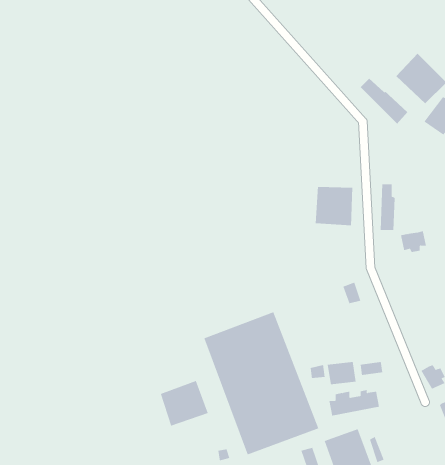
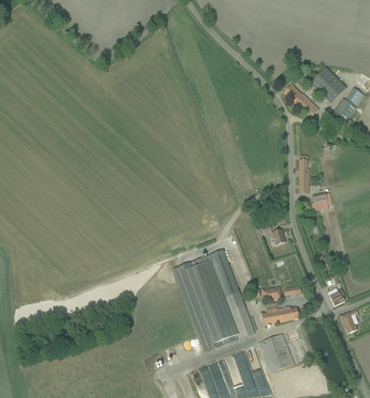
building: [315,186,353,226] -> none
building: [160,380,209,426] -> none

